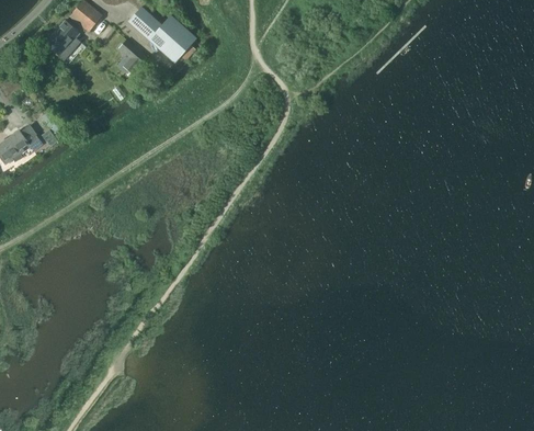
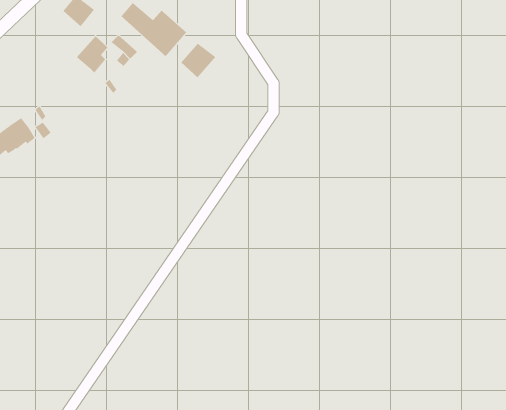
building: [45,21,78,59] -> [76,36,108,73]
building: none -> [180,43,216,78]

